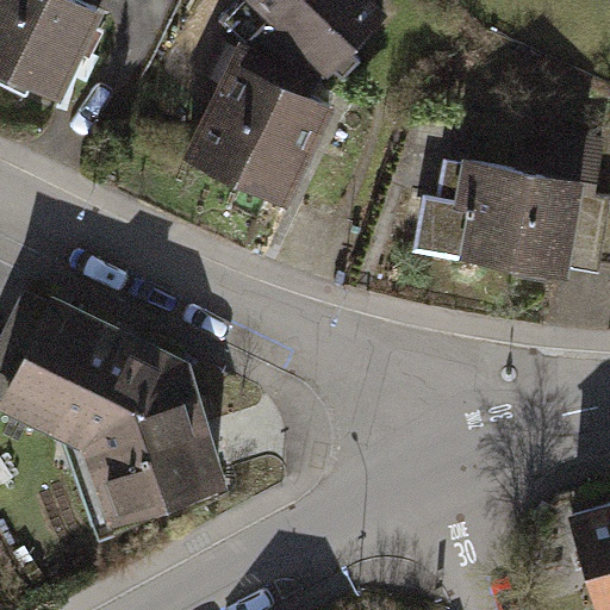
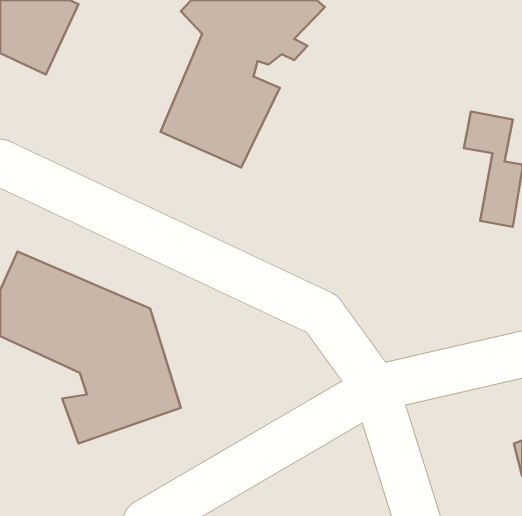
building: [459,157,574,270] -> none

